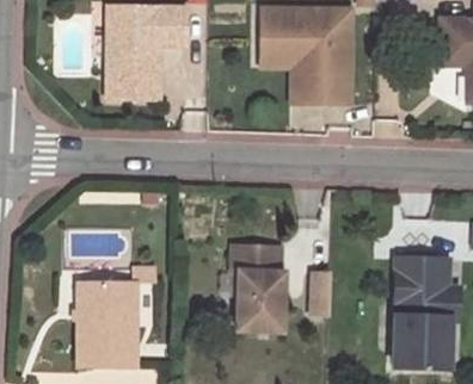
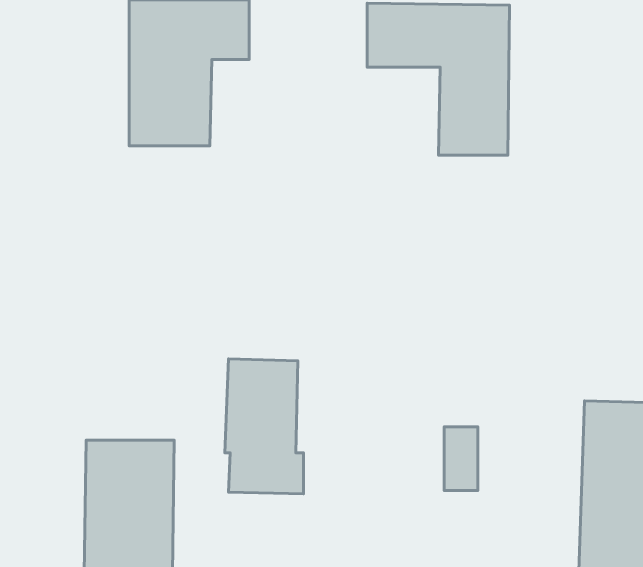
building: [259,45,306,101] -> none
building: [234,244,284,330] -> [225,359,303,494]

